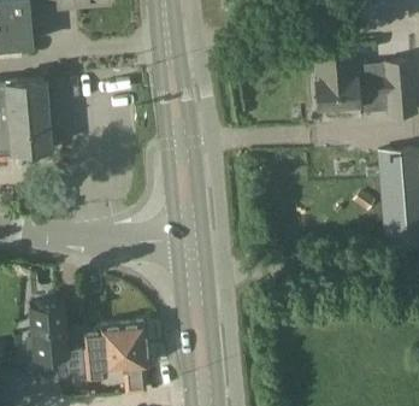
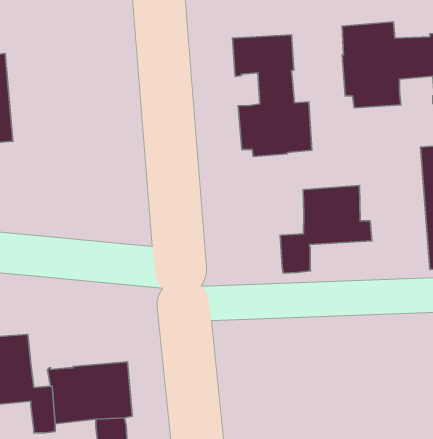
building: none -> [232,35,312,156]
building: none -> [280,185,372,273]

